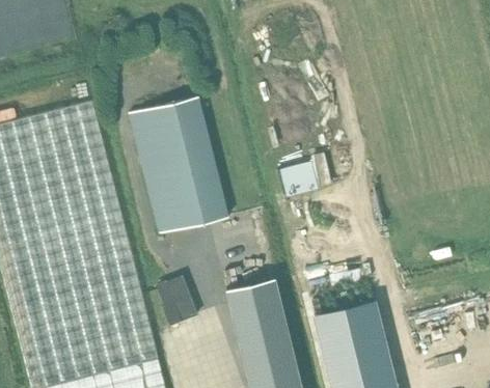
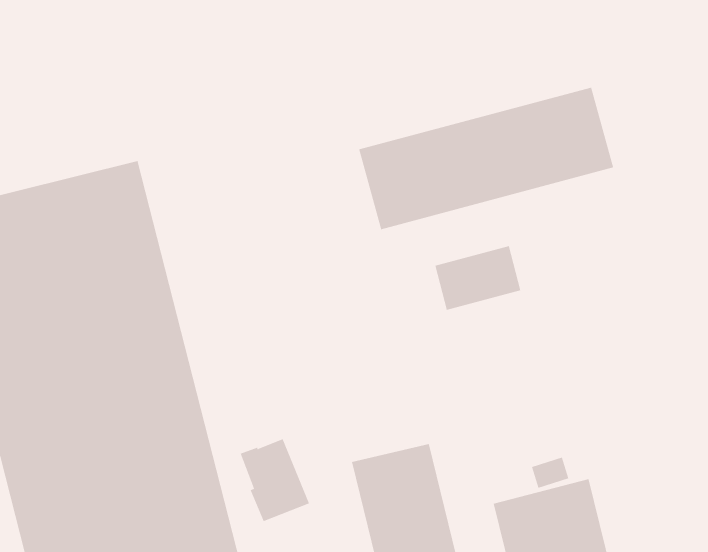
building: none -> [358,87,614,230]
building: [130,96,229,234] -> none

